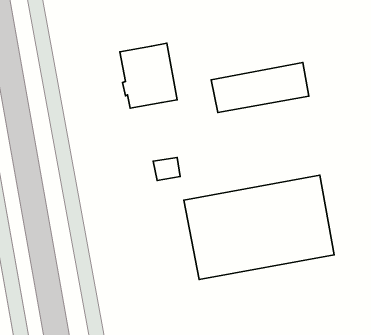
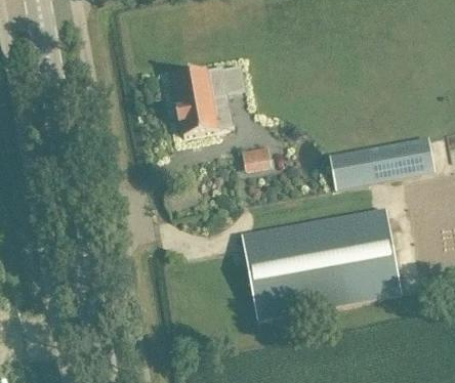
building: [211,63,309,112] -> [328,137,432,190]
building: [153,157,180,180] -> [242,146,271,171]

